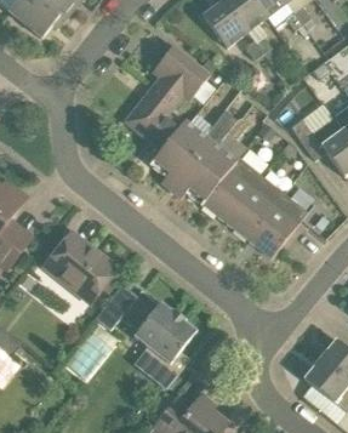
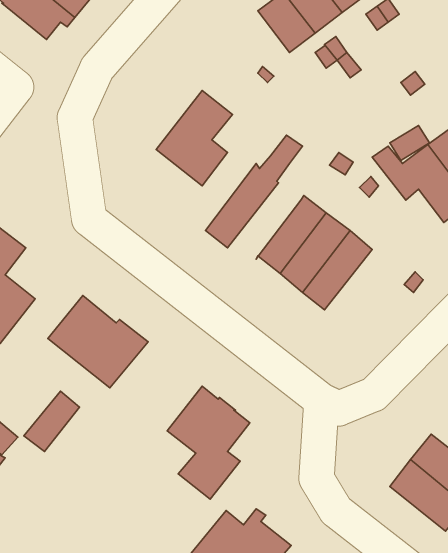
building: [153,46,210,101] -> none
building: [149,120,201,183] -> none
building: [179,147,235,205] -> none
building: [253,198,307,257] -> none
building: [95,284,137,330] -> [24,391,80,452]

